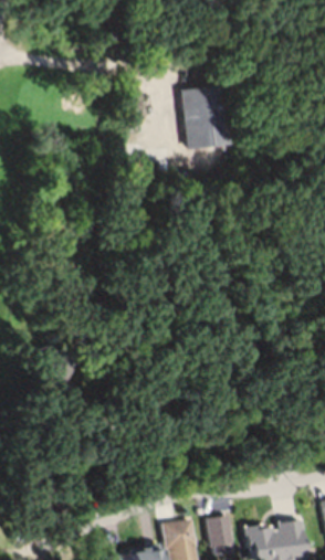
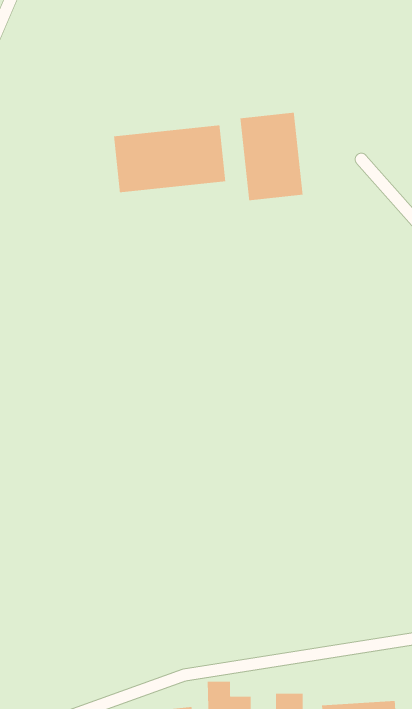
building: none -> [113,124,226,193]

